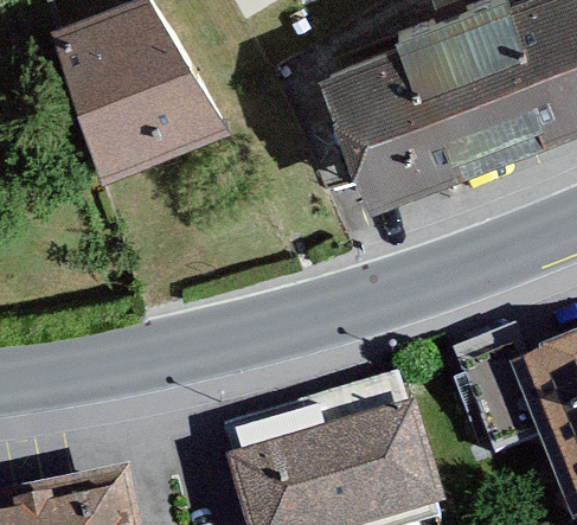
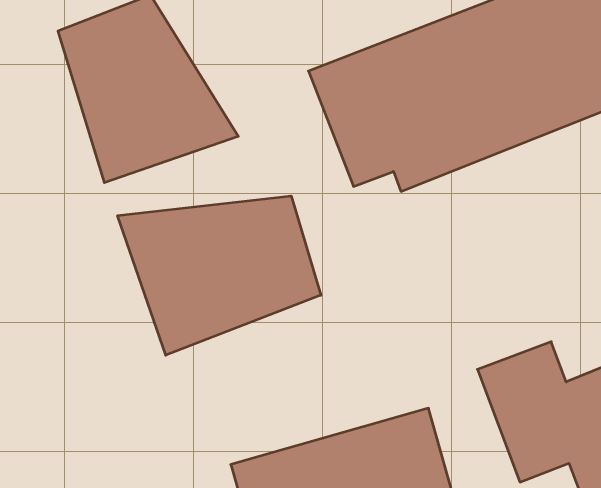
building: none -> [118,196,321,355]

